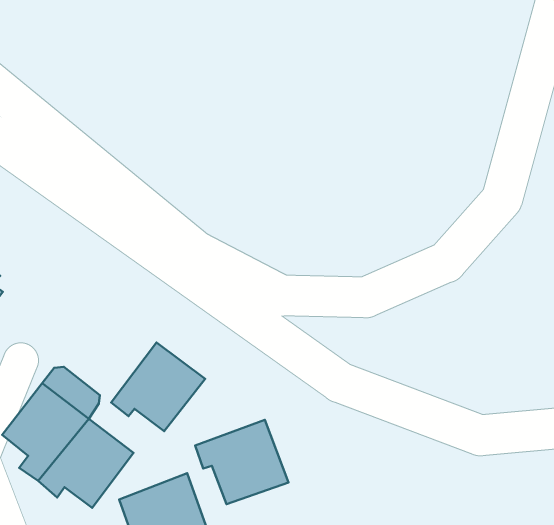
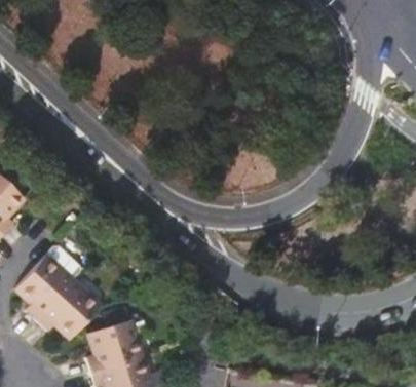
building: [111,343,205,431] -> none
building: [195,420,288,504] -> none

